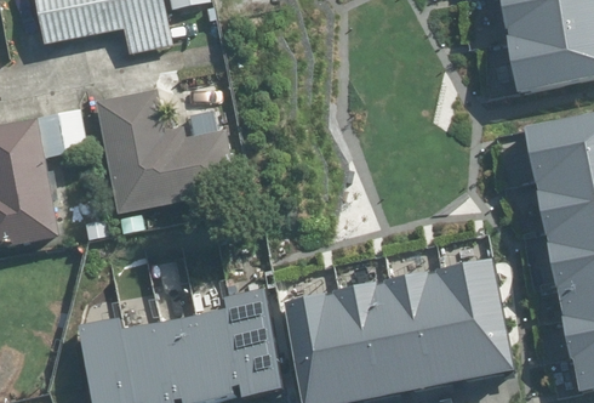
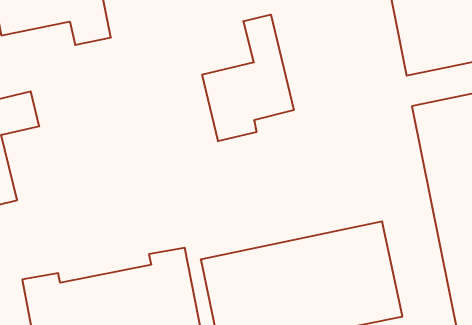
building: none -> [202,15,294,141]
building: [102,85,249,212] -> none

